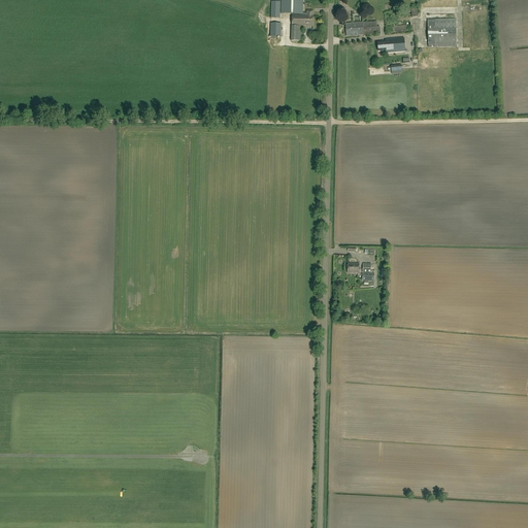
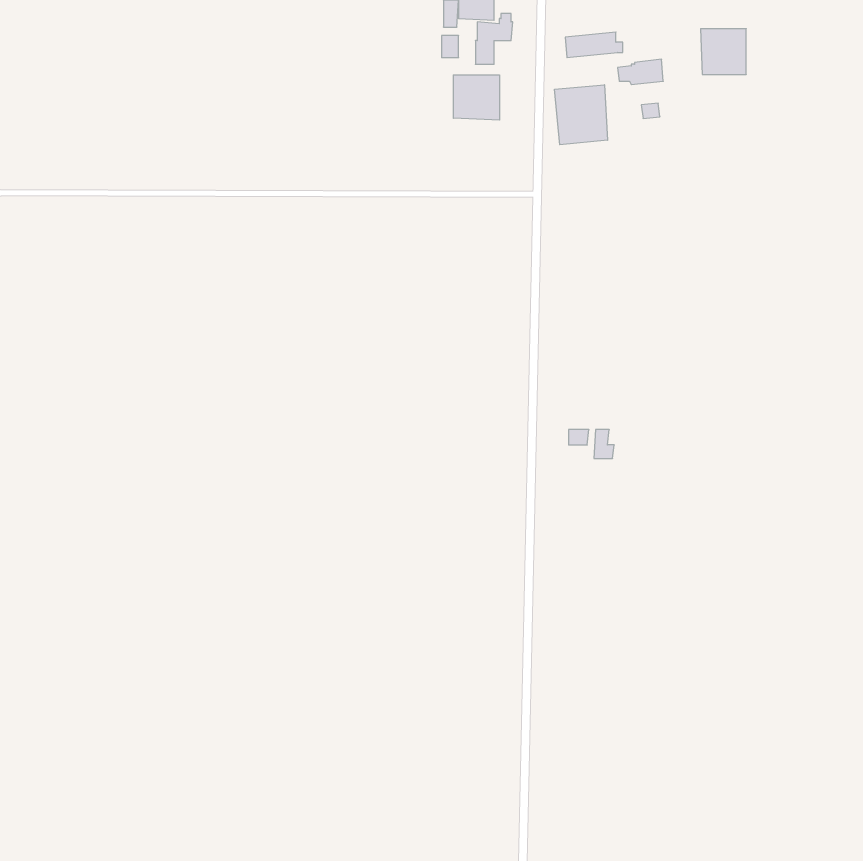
building: none -> [453,75,499,120]
building: none -> [555,85,608,145]

